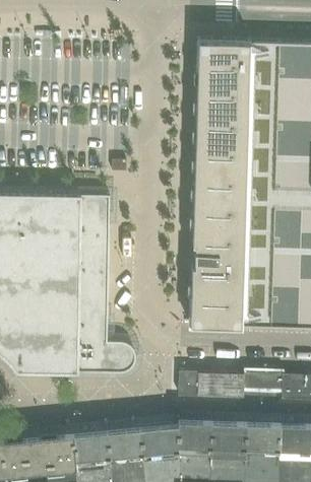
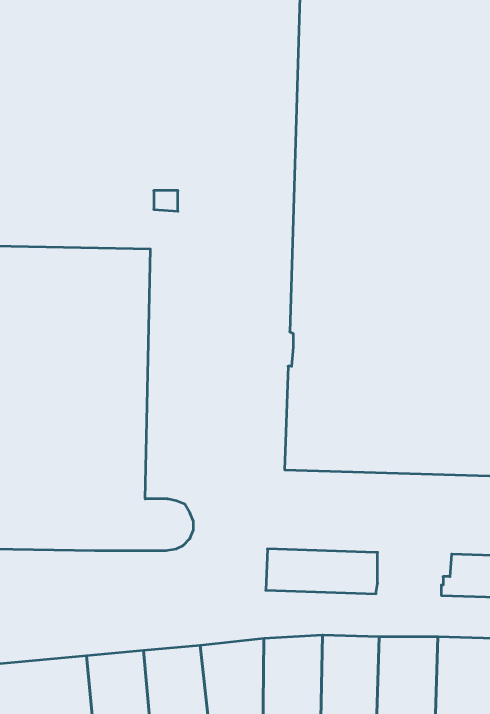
building: [242,369,287,393] -> none

